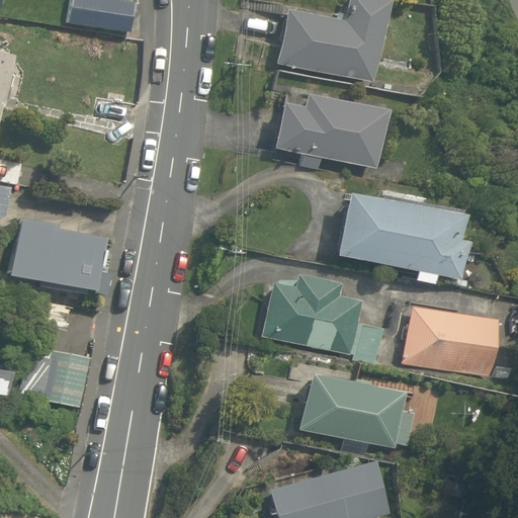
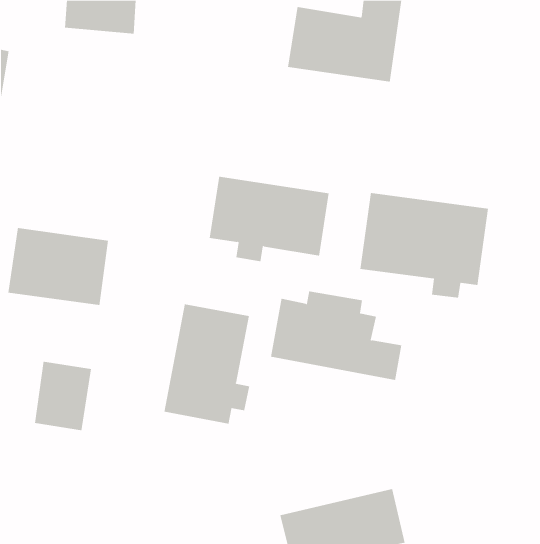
building: [275,89,390,170] -> [209,176,330,262]
building: none -> [164,304,250,424]
building: [399,290,503,376] -> none
building: [298,375,404,448] -> none

